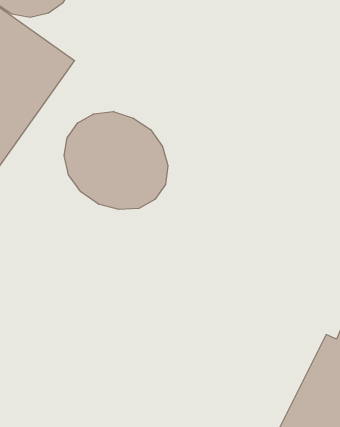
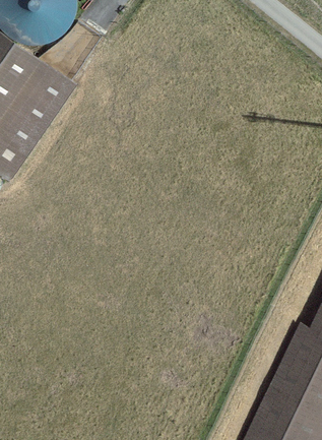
building: [64,111,168,209] -> none

